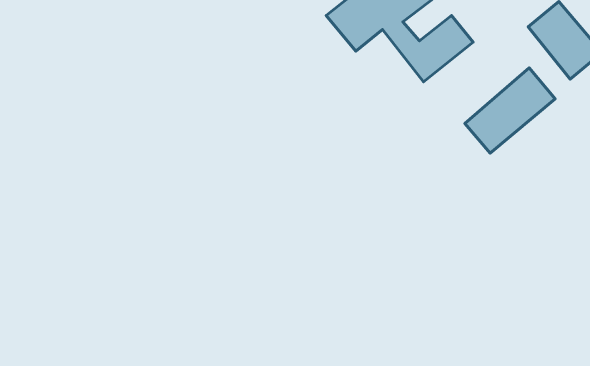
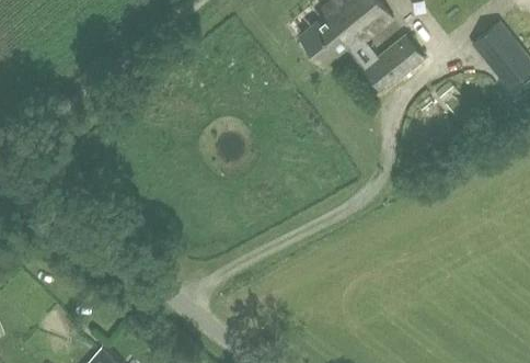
building: [465,68,555,153] -> none

